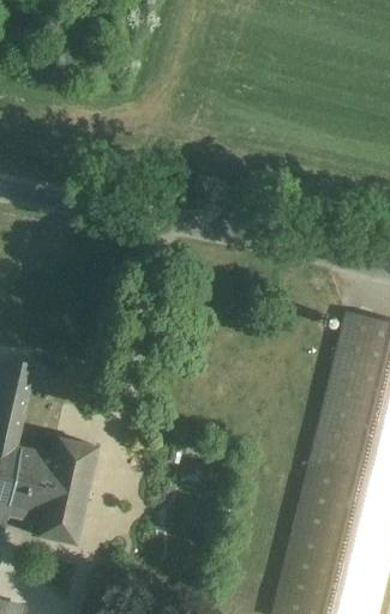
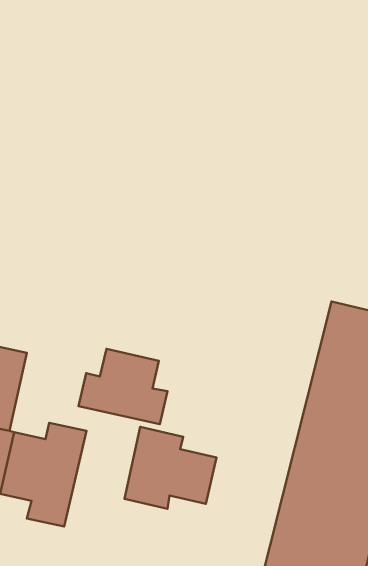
building: none -> [78,349,168,424]
building: none -> [124,427,216,509]

